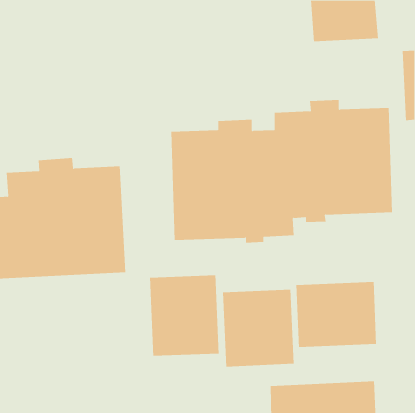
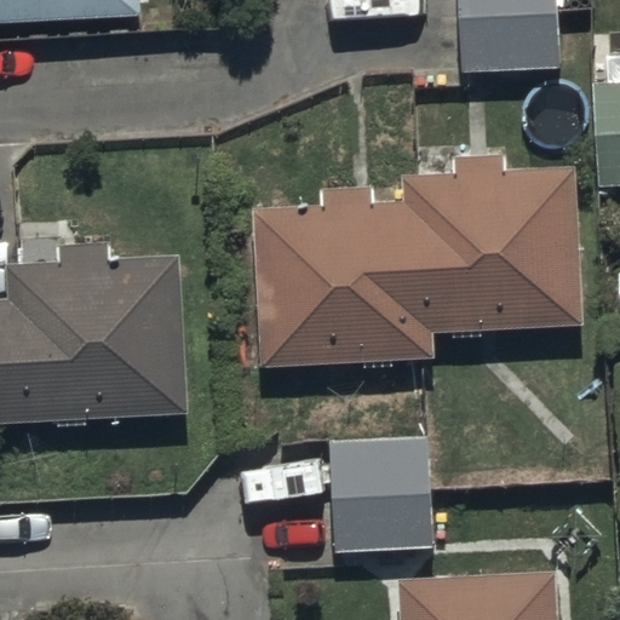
building: [149,275,219,357] -> none
building: [296,281,377,348] -> none

